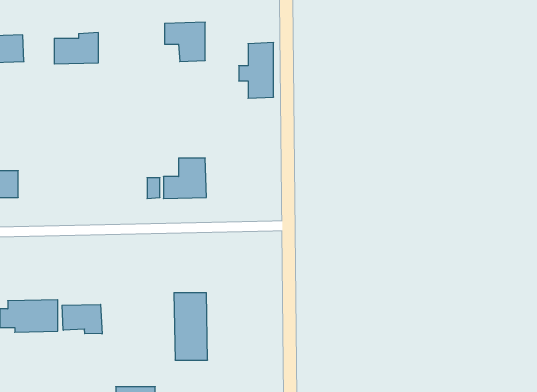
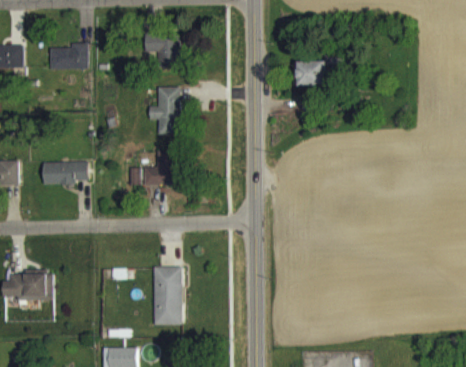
building: [239,43,274,98] -> [150,87,180,135]
building: none -> [297,61,327,87]
building: none -> [43,162,88,185]
building: [62,304,102,334] -> none

